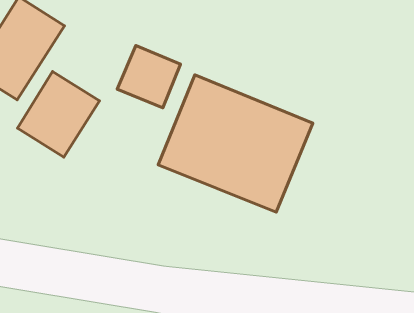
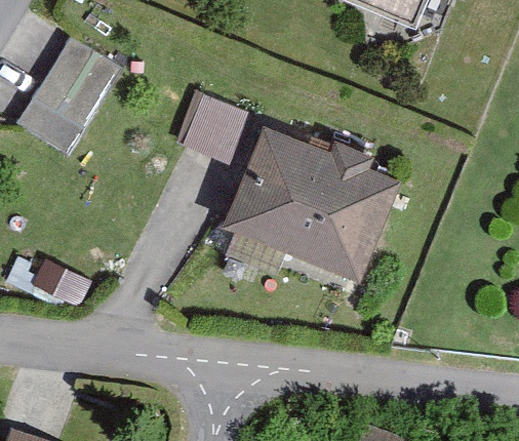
building: [17,72,100,157] -> none

